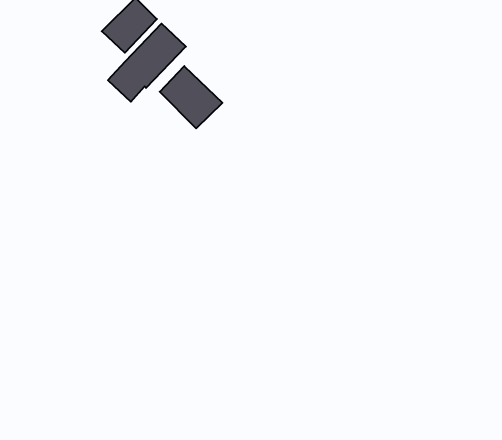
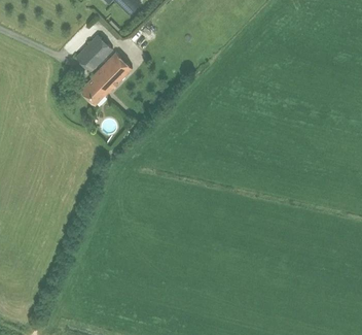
building: [160,66,222,128] -> none

